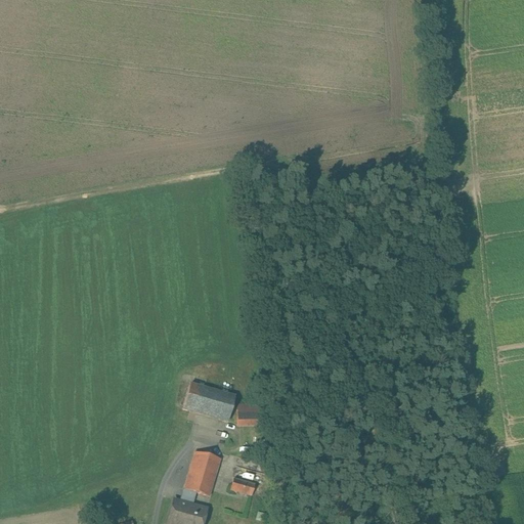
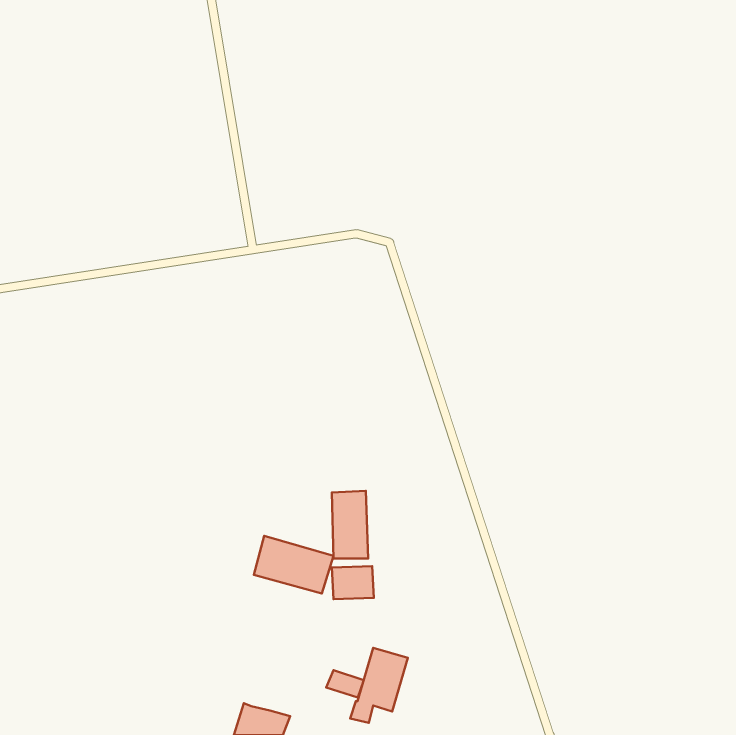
building: none -> [332,491,368,559]
building: [179,450,220,504] -> [350,648,408,723]

